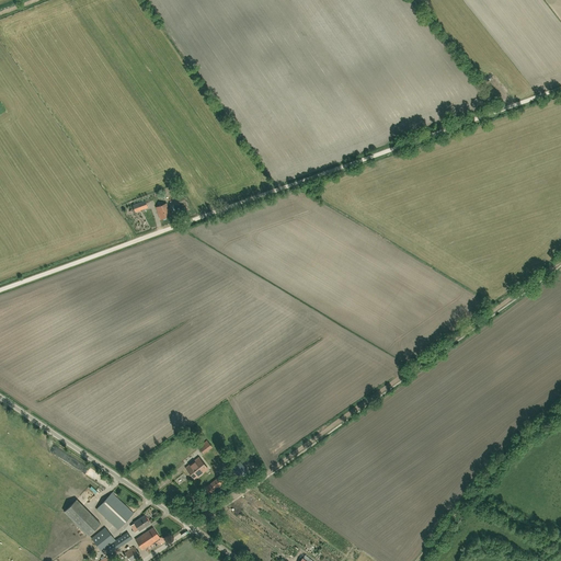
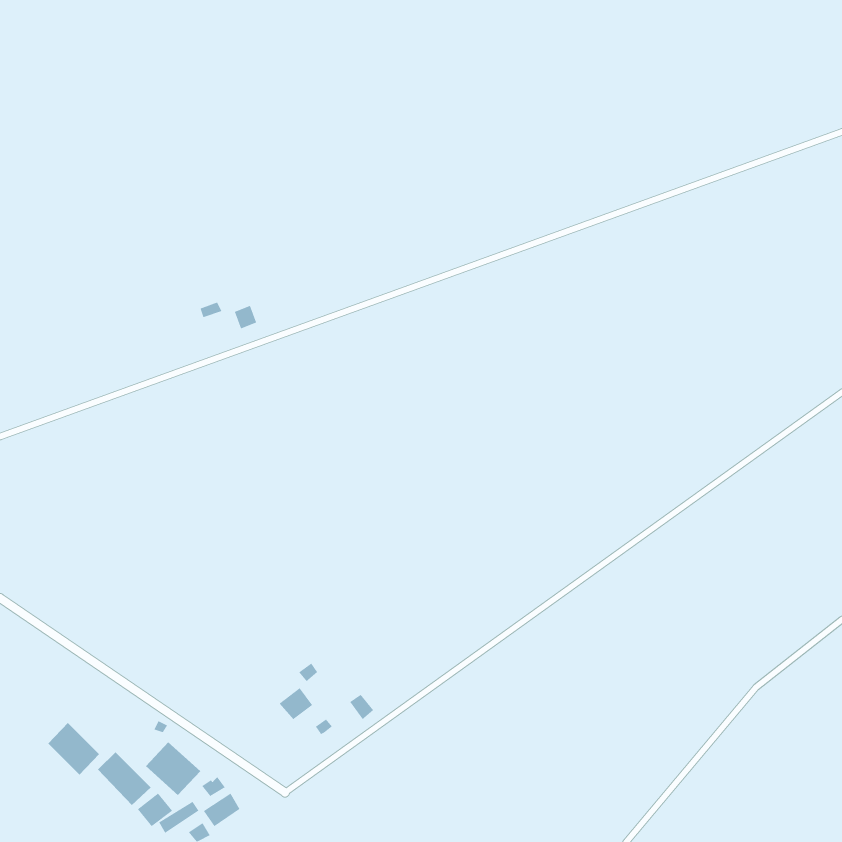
building: none -> [47,722,100,776]

